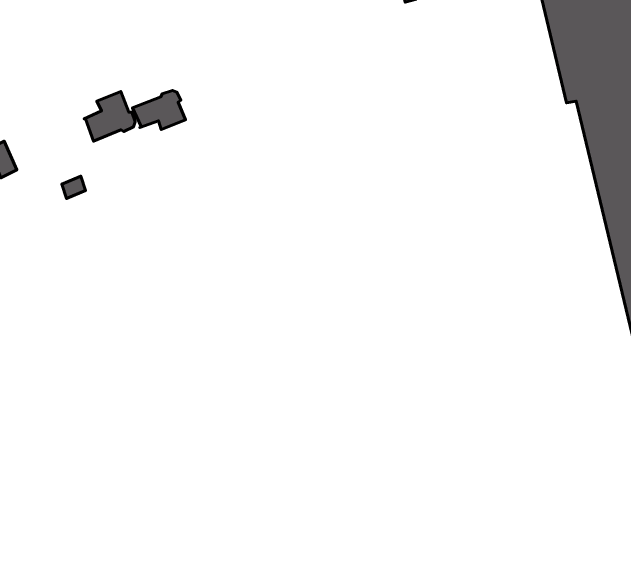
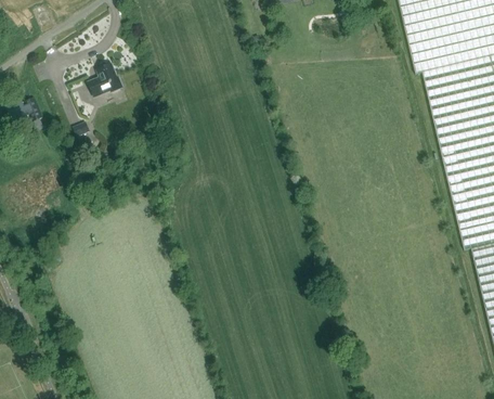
building: [133,90,186,130] -> none

